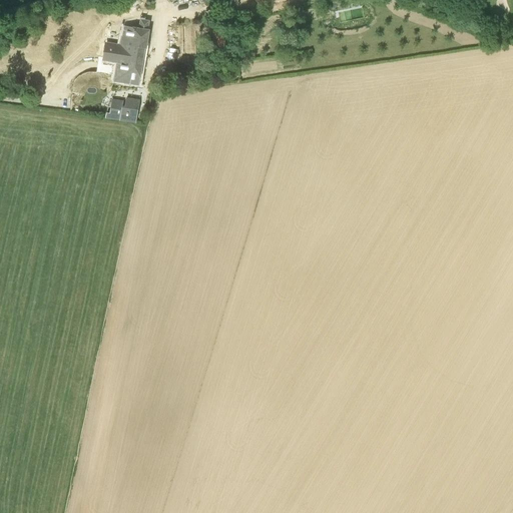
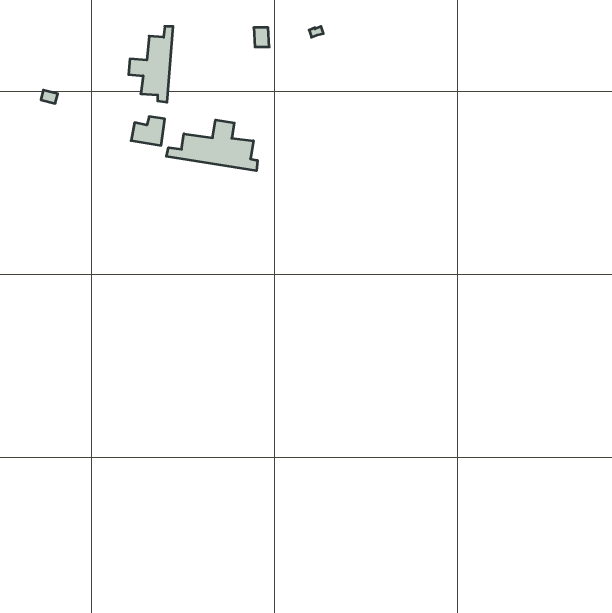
building: none -> [166,120,257,171]

